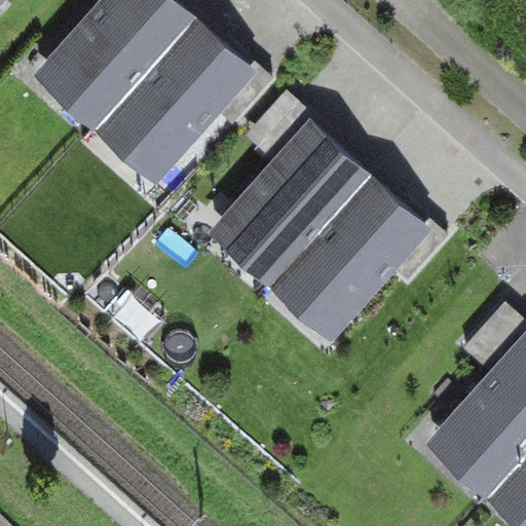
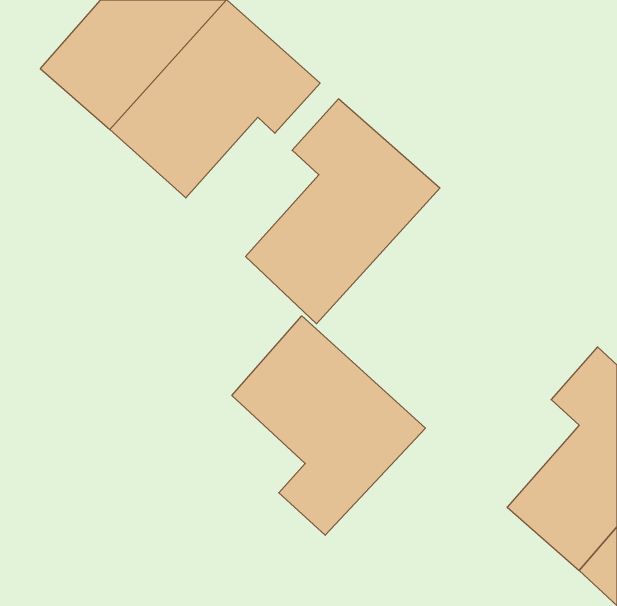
building: [266,174,448,344] -> none
building: none -> [232,316,425,535]

